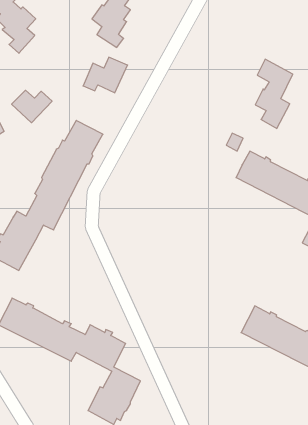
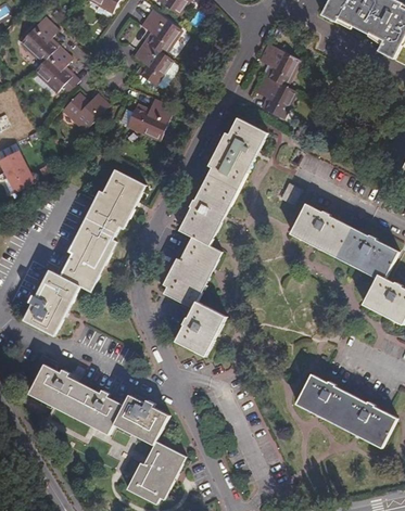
building: [255,59,293,128] -> [256,42,298,118]
building: none -> [164,118,266,356]
building: [12,90,52,123] -> [63,93,107,129]

